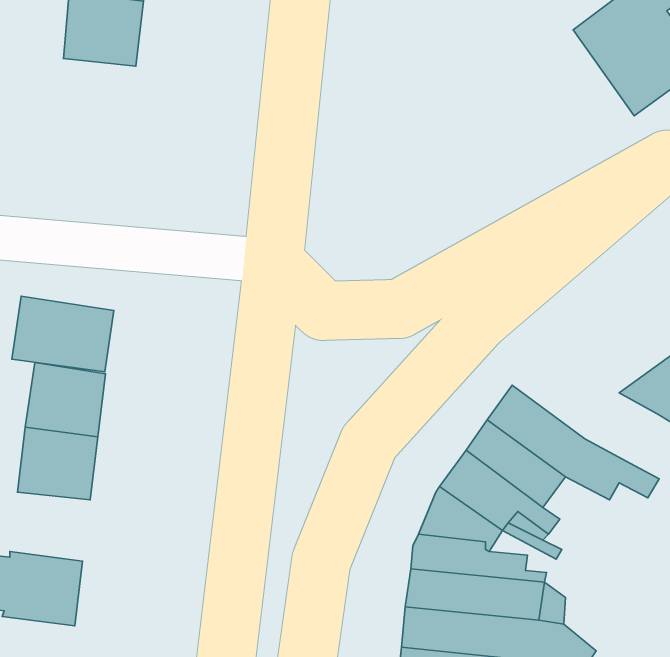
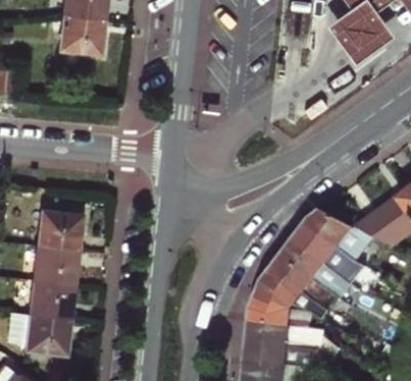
building: [12,296,114,372] -> none
building: none -> [300,205,377,263]
building: none -> [32,278,74,315]

